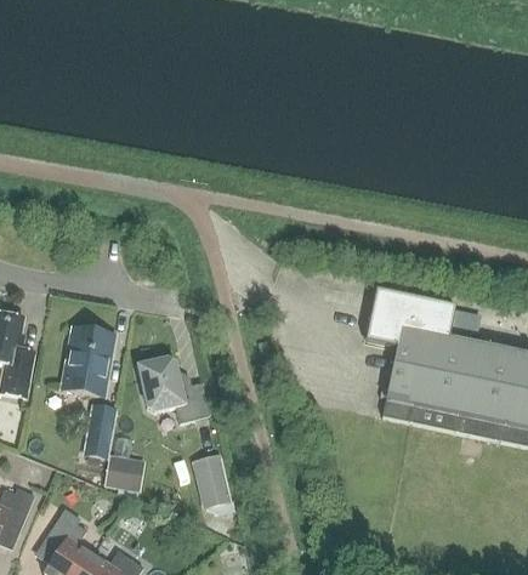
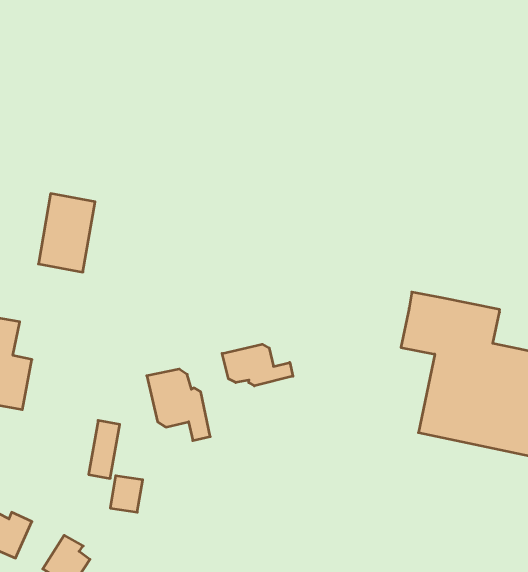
building: [63,325,114,395] -> [38,194,95,272]
building: none -> [222,344,293,386]
building: [191,452,234,514] -> none

